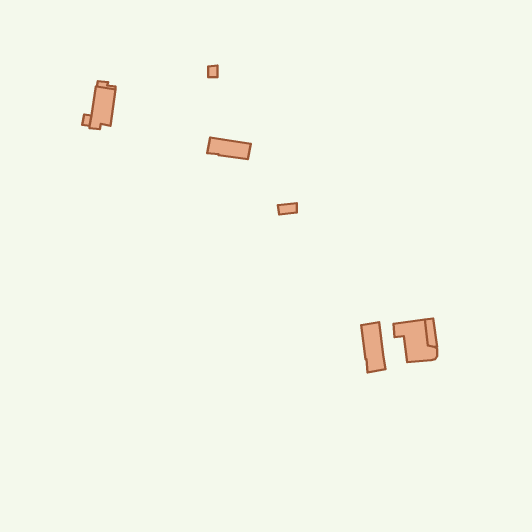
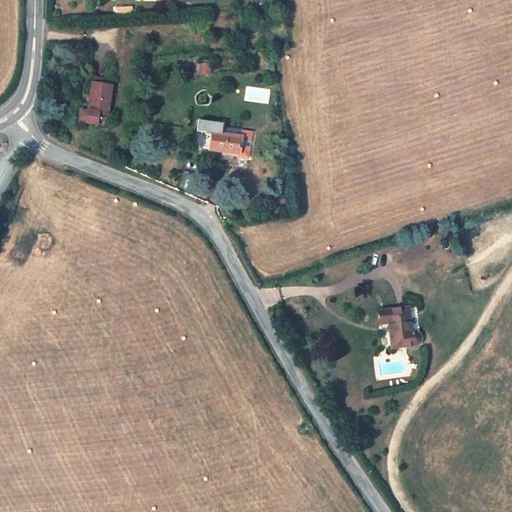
building: none -> [214,127,251,158]
building: [361,322,385,372] -> none

